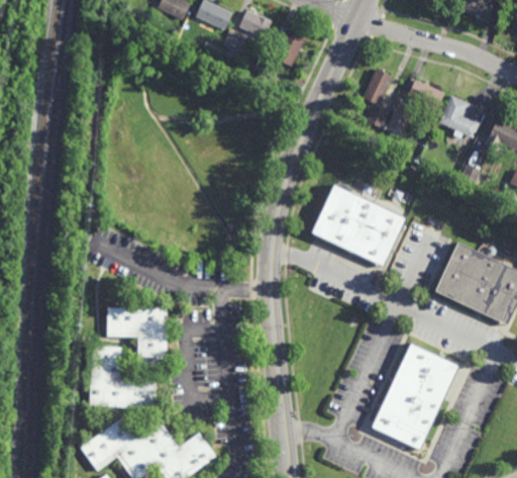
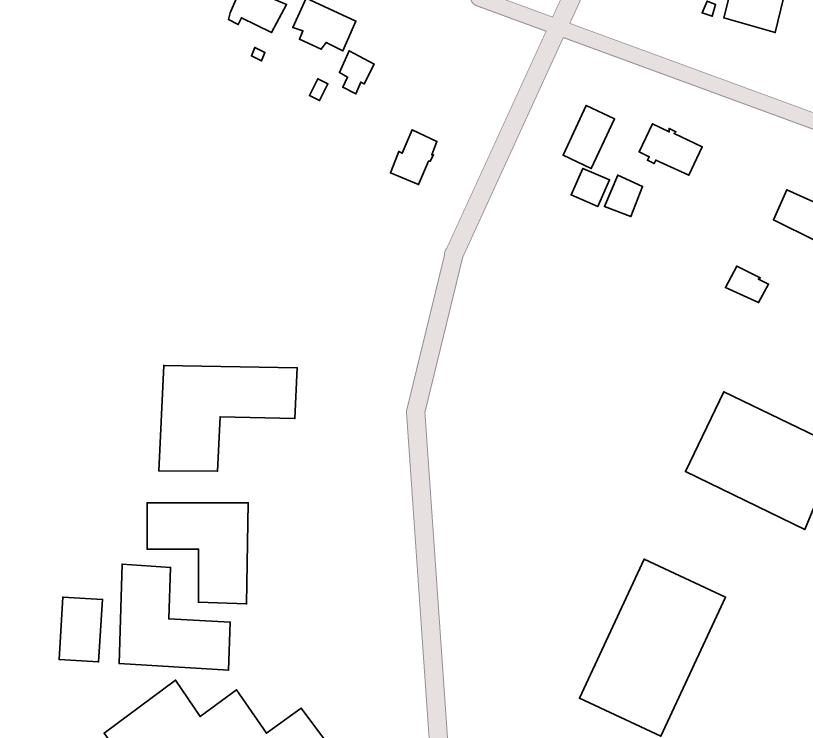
building: [240,11,273,40] -> none
building: [277,31,305,65] -> [390,130,437,184]
building: [438,93,483,137] -> none
building: [309,181,406,266] -> none
building: none -> [159,366,297,471]
building: none -> [59,597,102,662]

